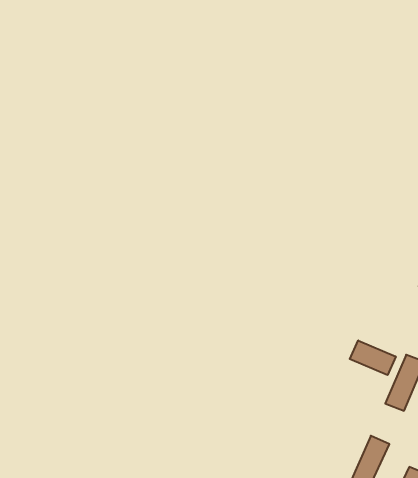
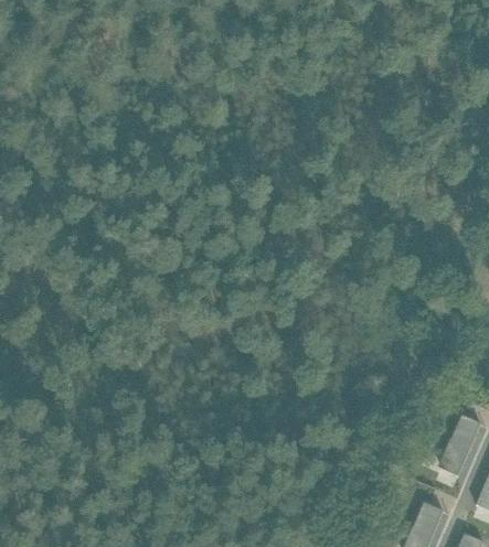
building: [350,340,396,375] -> none

